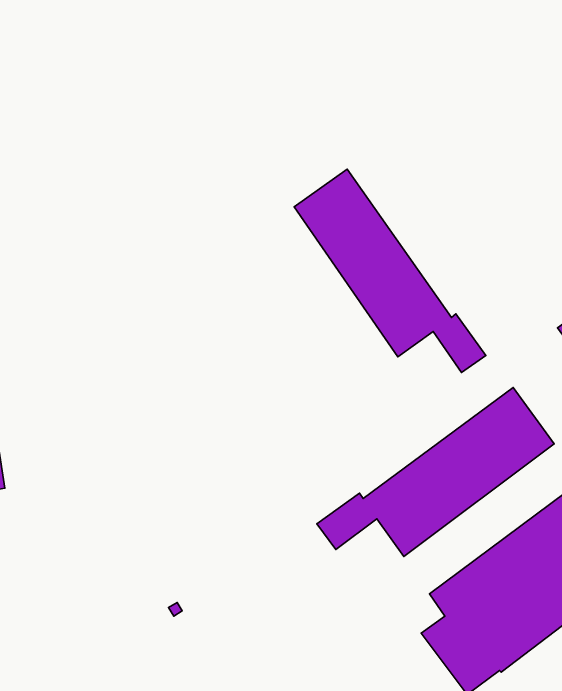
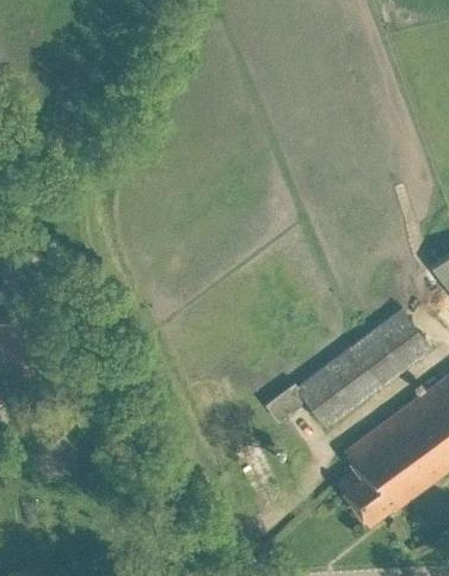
building: [294,169,486,372] -> none

